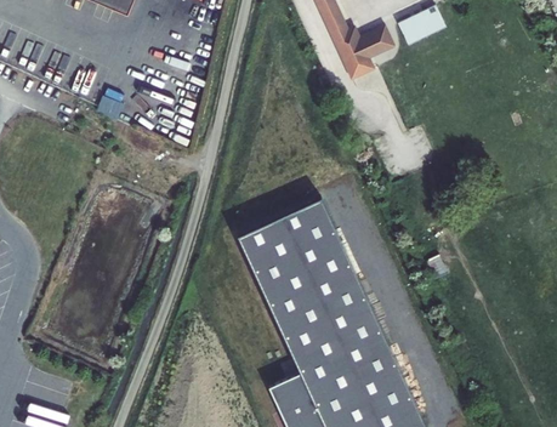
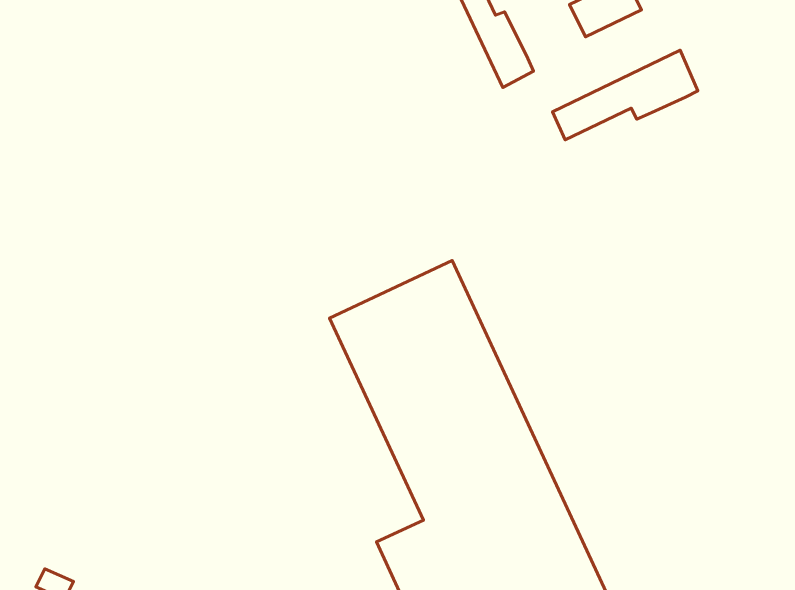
building: [358,25,394,59] -> none
building: none -> [552,50,698,140]

